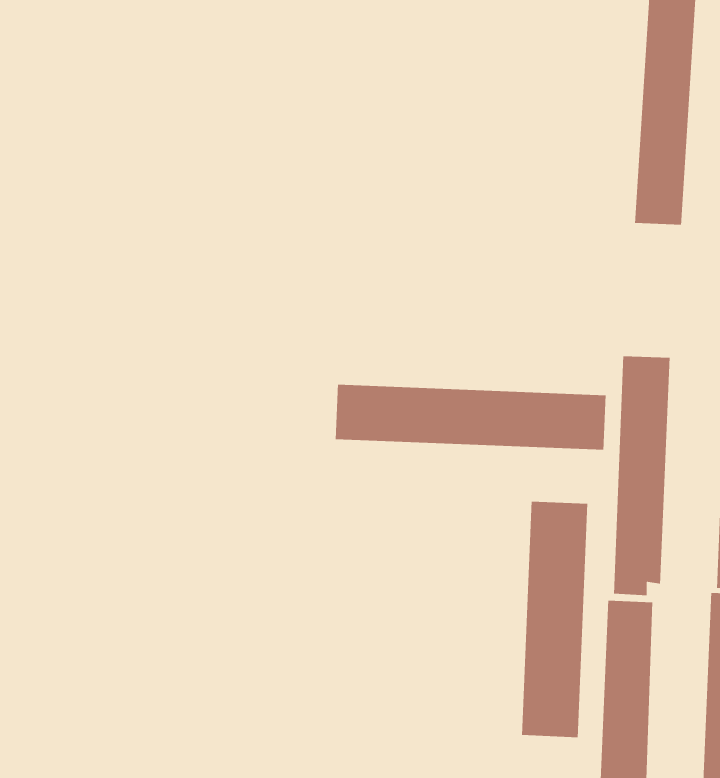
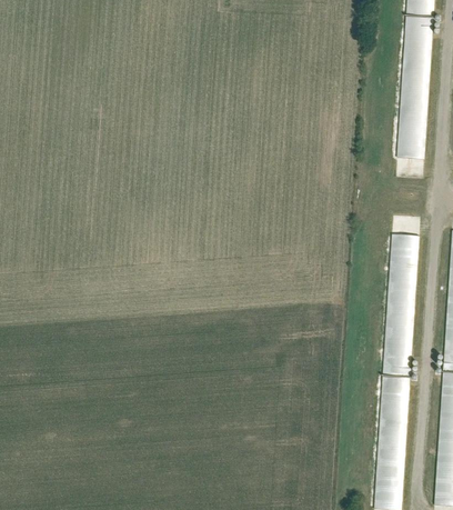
building: [335,384,607,450] -> none
building: [521,501,588,738] -> none

